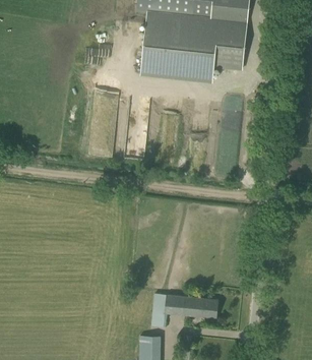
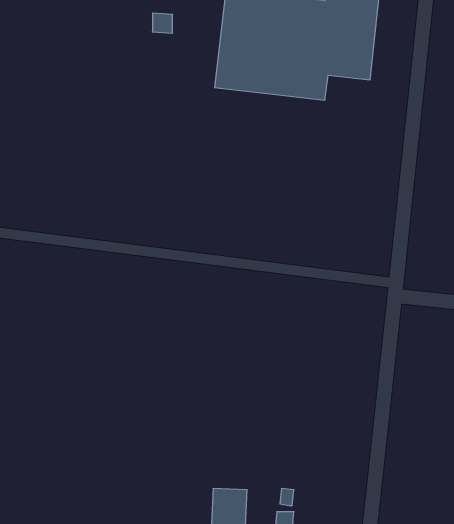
building: [151,294,220,326] -> none

